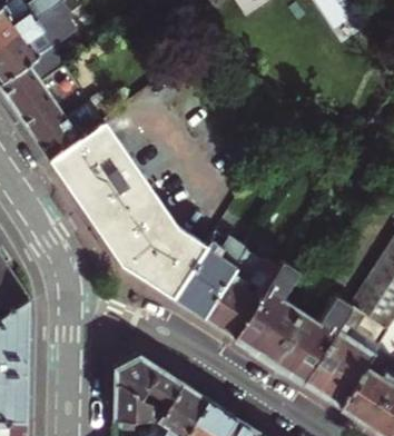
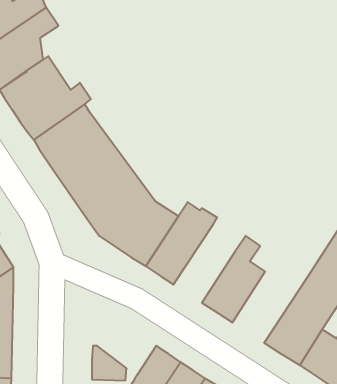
building: [200,250,268,336] -> none
building: [265,297,347,379] -> none
building: [112,355,181,415] -> none

